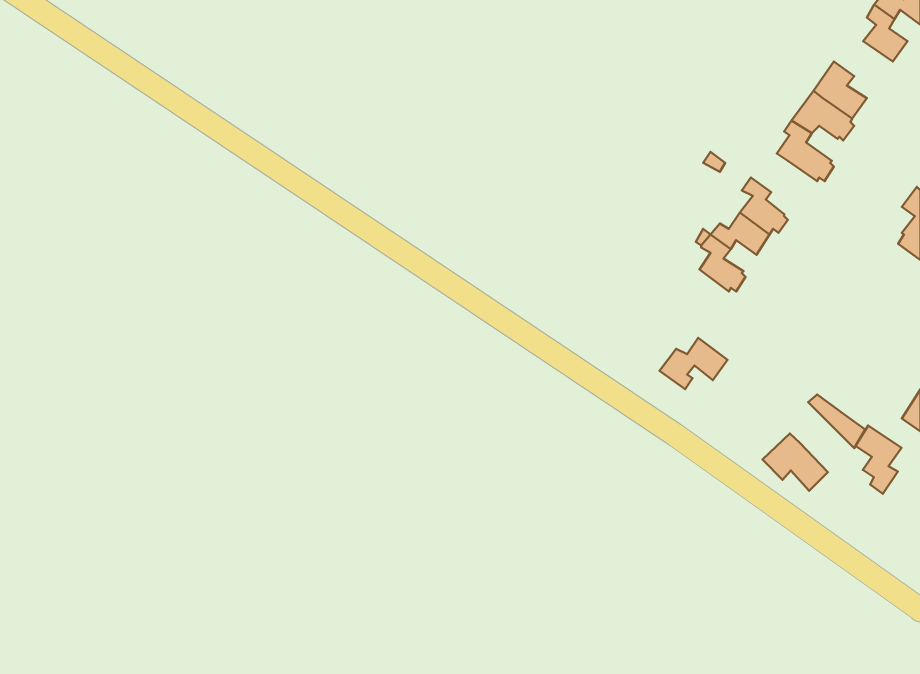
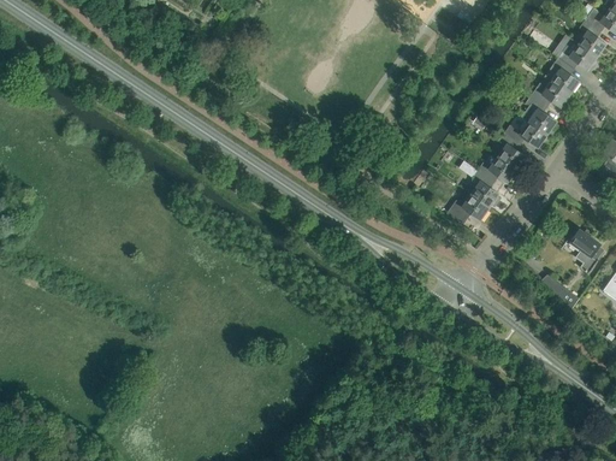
building: none -> [552,32,597,69]
building: none -> [504,120,547,147]
building: [659,338,728,389] -> [445,191,490,225]
building: [855,426,901,494] -> [570,227,600,272]
building: [762,434,828,491] -> none

